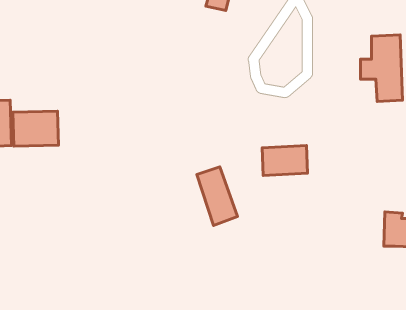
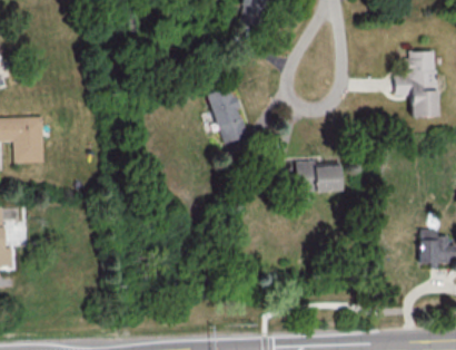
building: [13,111,59,146] -> none
building: [197,167,238,225] -> [208,86,249,145]

